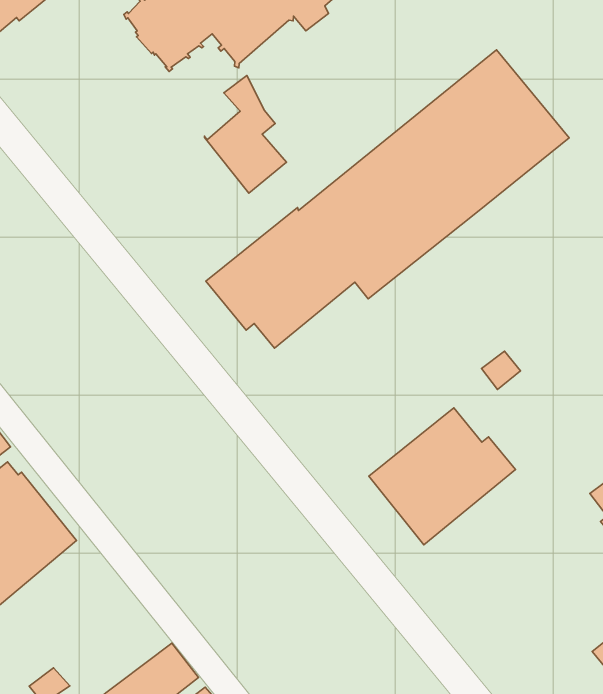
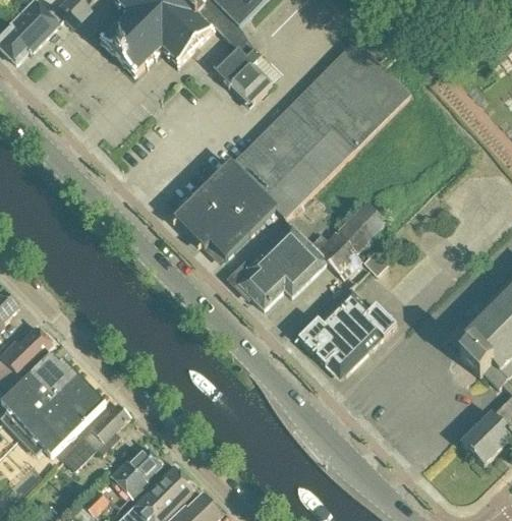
building: [205,76,286,193] -> [215,27,272,107]
building: none -> [238,204,384,308]
building: none -> [63,401,128,467]
building: none -> [111,445,162,495]

